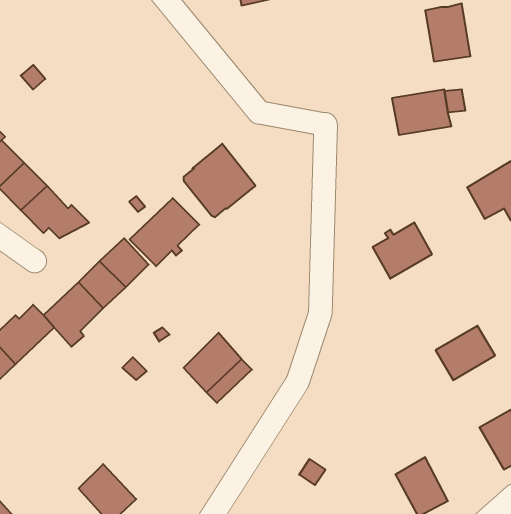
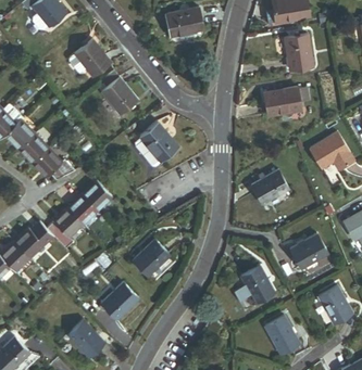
building: none -> [70,39,111,77]
building: none -> [101,71,138,114]
building: [130,198,199,266] -> none
building: none -> [240,267,274,304]
building: none -> [102,283,138,319]

